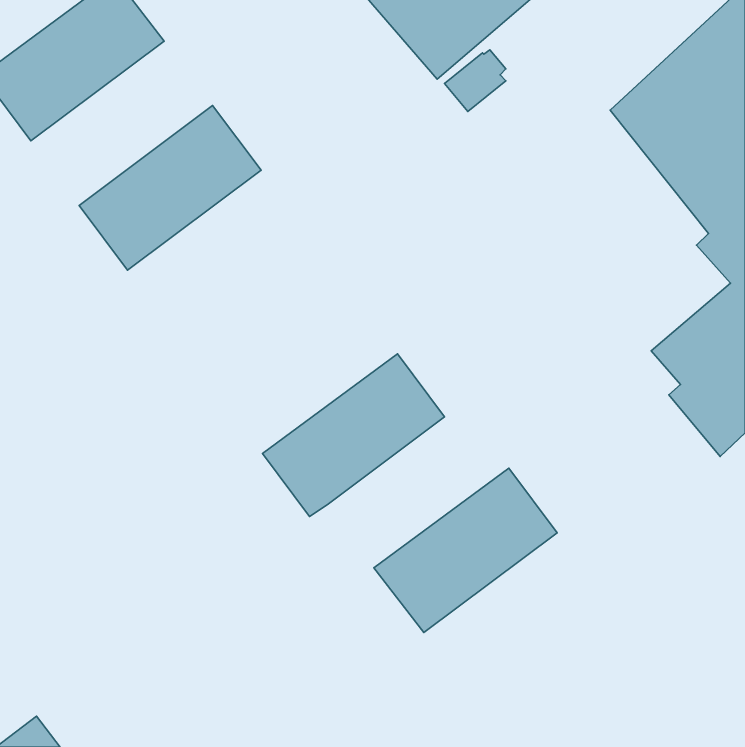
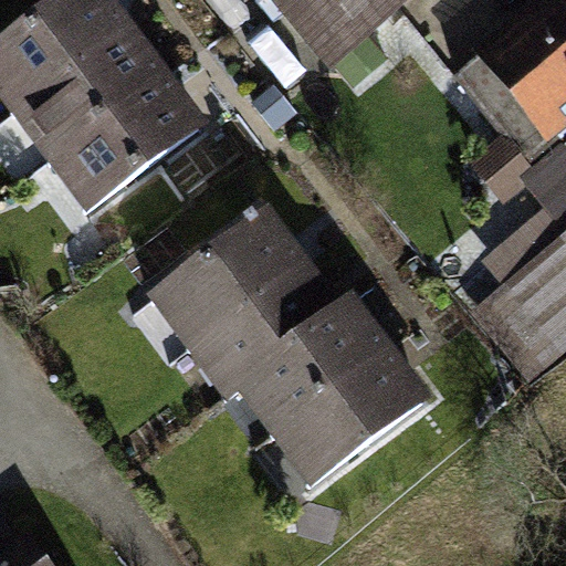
building: none -> [23,31,160,155]
building: none -> [161,216,300,342]
building: none -> [247,305,384,428]

